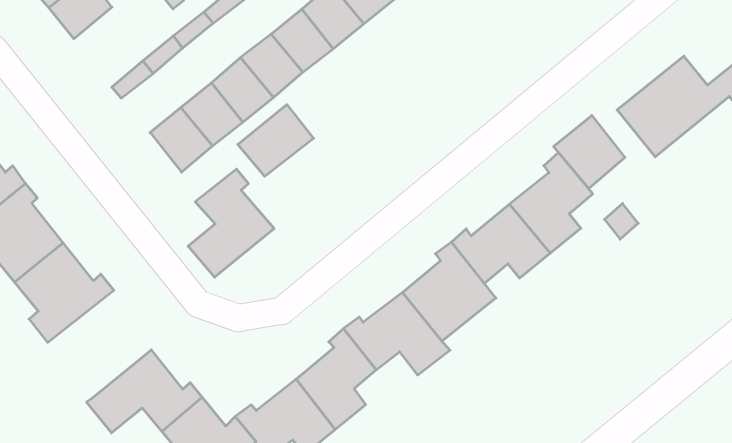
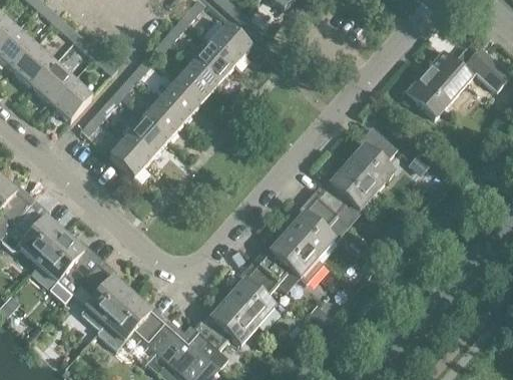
building: none -> [51,79,92,120]
building: [238,105,314,176] -> none
building: [554,115,625,189] -> none
building: [188,169,274,277] -> [79,260,132,331]

